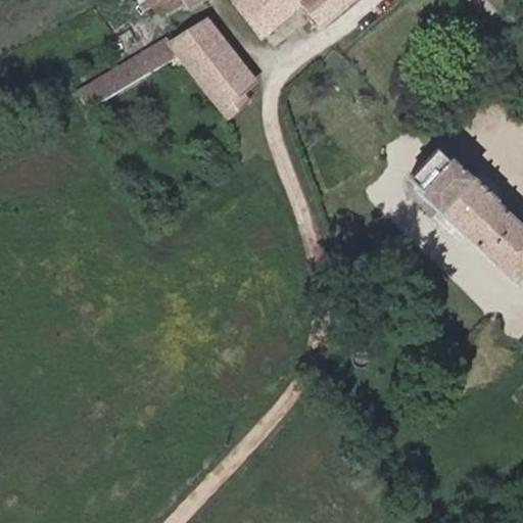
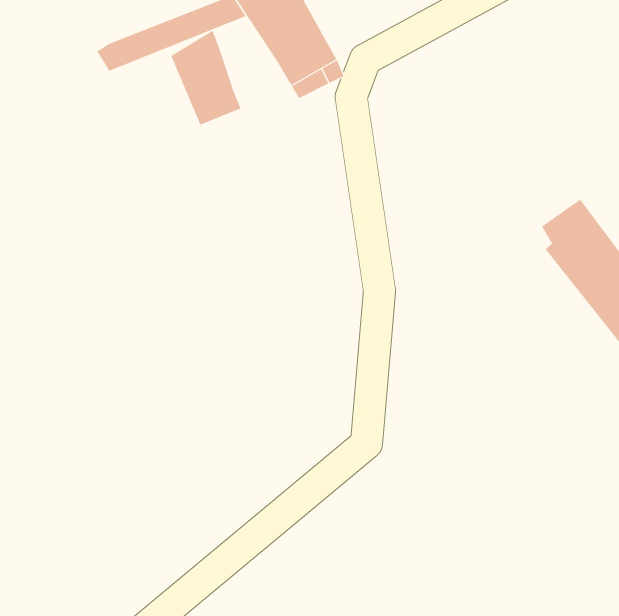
building: none -> [170,30,241,125]

